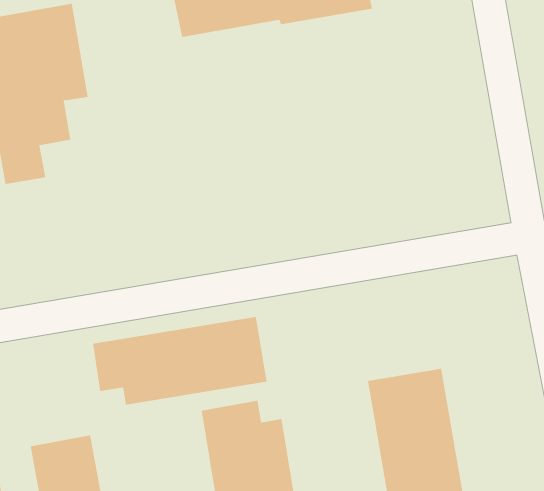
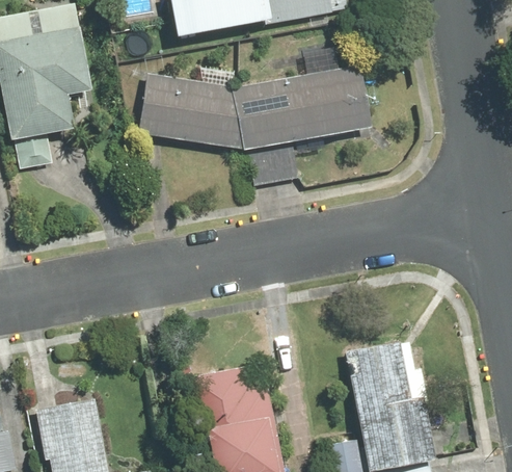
building: none -> [137,64,370,186]
building: [93,316,267,406] -> none

